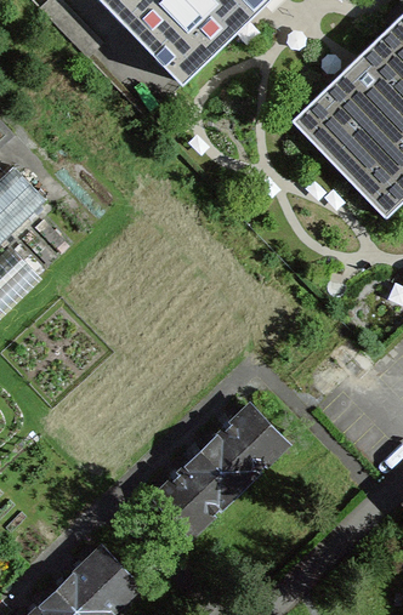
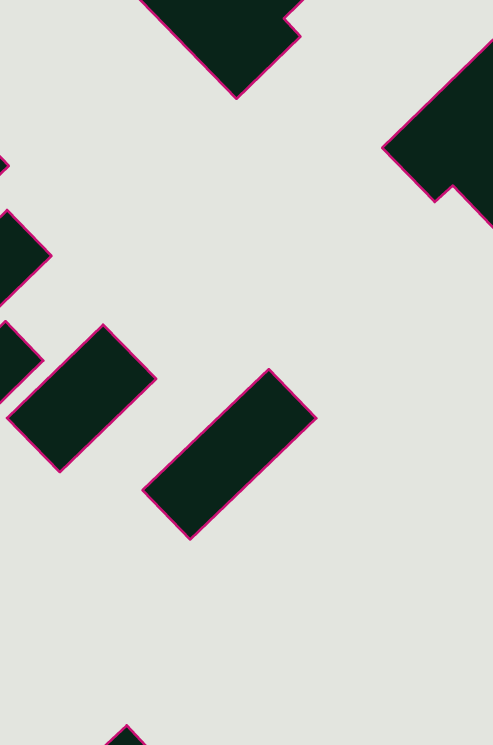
building: none -> [7,325,156,472]
building: [157,406,285,533] -> [143,369,316,539]

